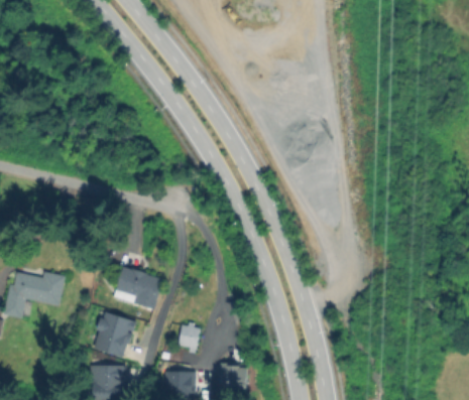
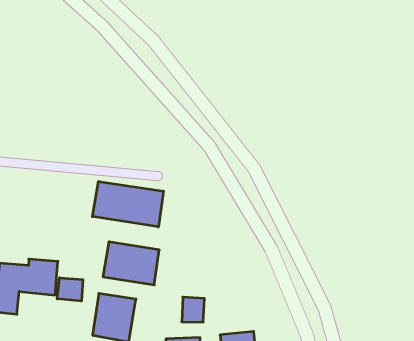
building: none -> [92,181,163,227]
building: none -> [57,278,83,301]

